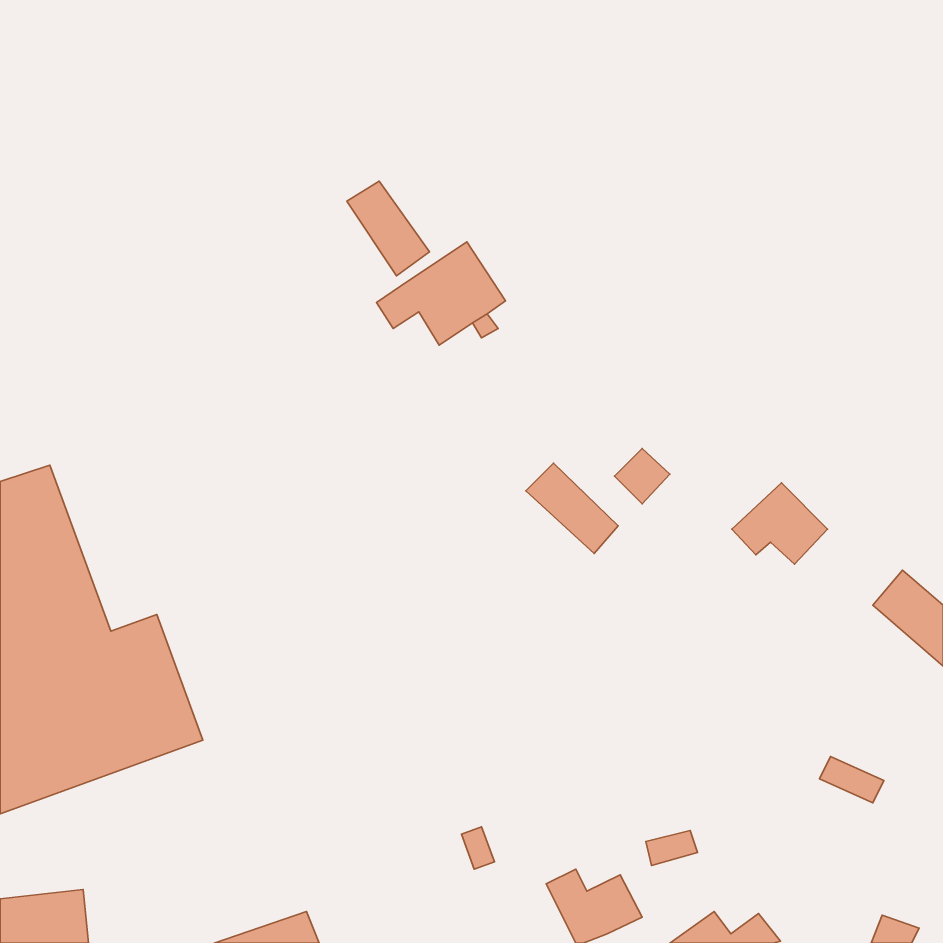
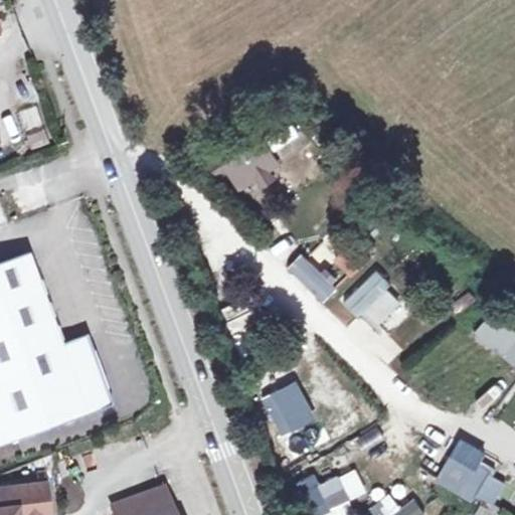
building: [347,181,429,276] -> none
building: [732,483,828,564] -> [344,277,396,321]
building: none -> [259,382,315,438]
building: none -> [443,453,495,494]

